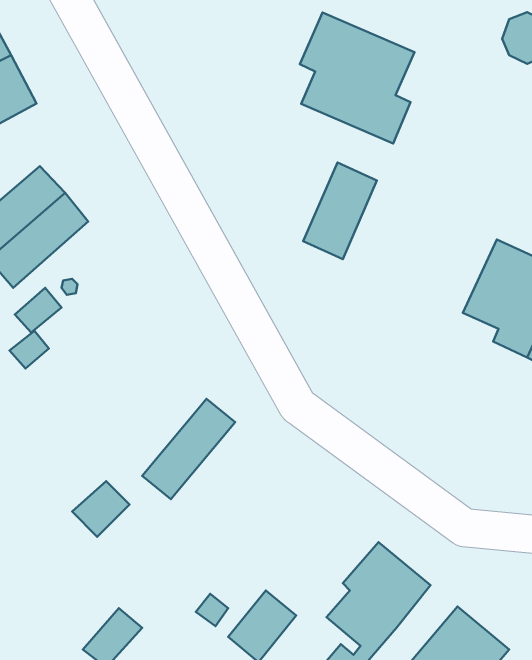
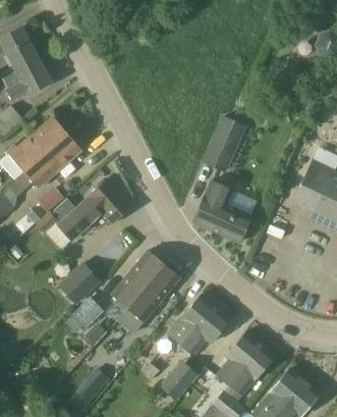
building: [300,13,414,144] -> none
building: none -> [58,178,132,240]
building: none -> [192,180,250,241]
building: none -> [59,263,100,303]
building: none -> [127,263,180,321]
building: none -> [169,294,231,354]

